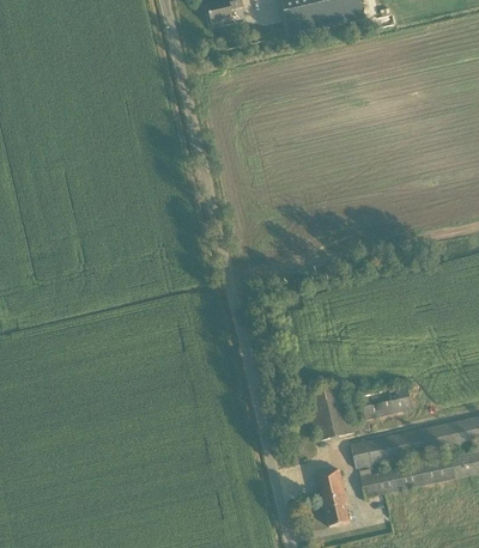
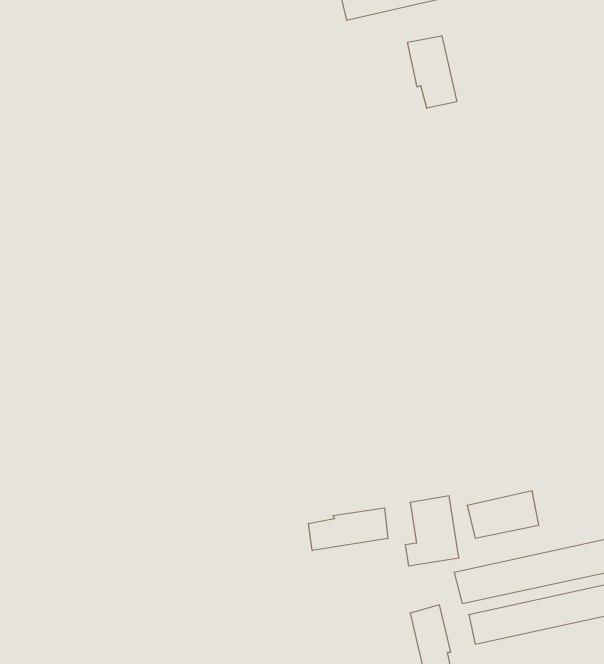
building: none -> [408,36,457,108]
building: none -> [308,508,388,551]

